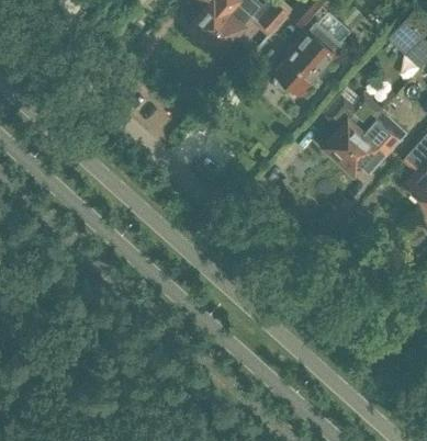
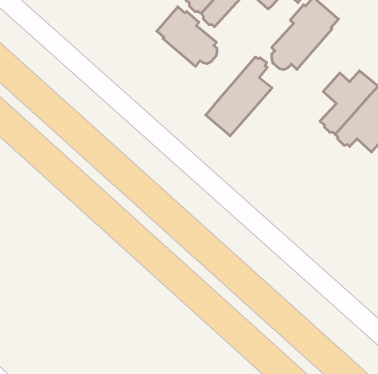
building: none -> [157,7,217,66]
building: none -> [206,57,272,136]

